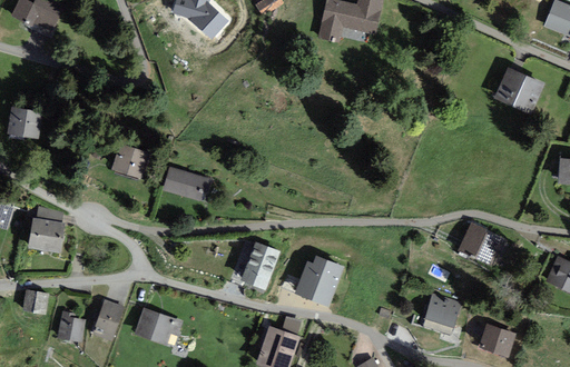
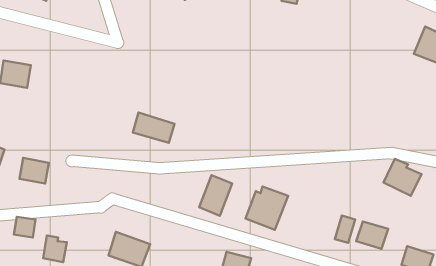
building: [111,142,149,178] -> none
building: none -> [335,216,355,243]
building: [91,299,124,341] -> none

